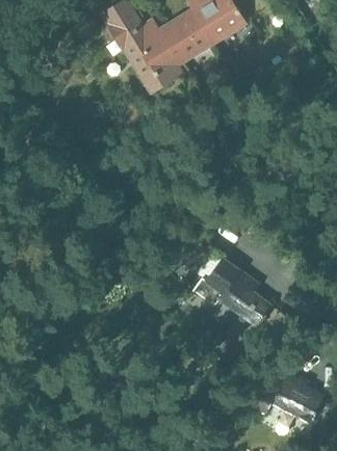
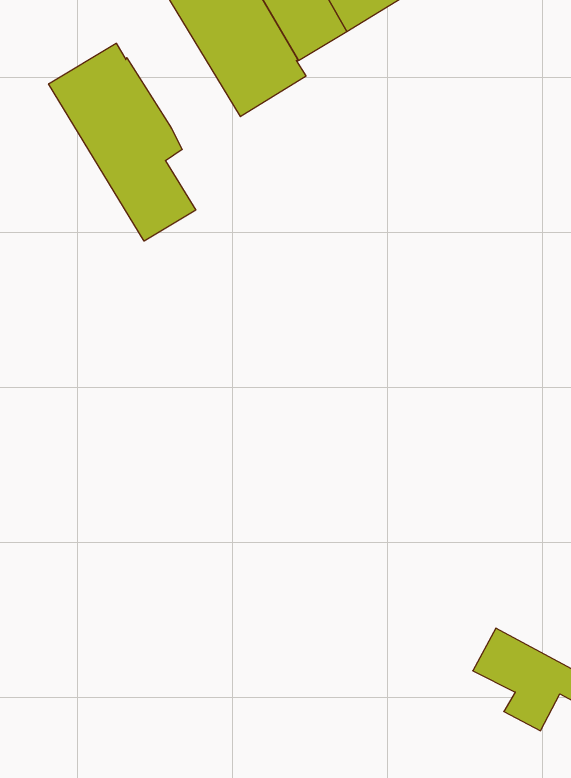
building: none -> [49,43,196,241]
building: [204,259,271,326] -> none

